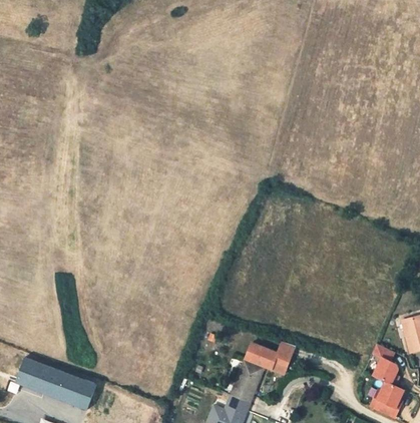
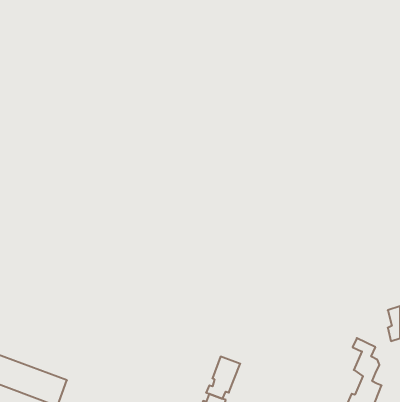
building: [246,341,296,374] -> none

